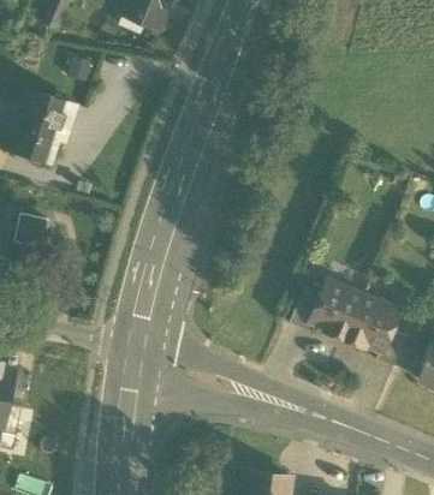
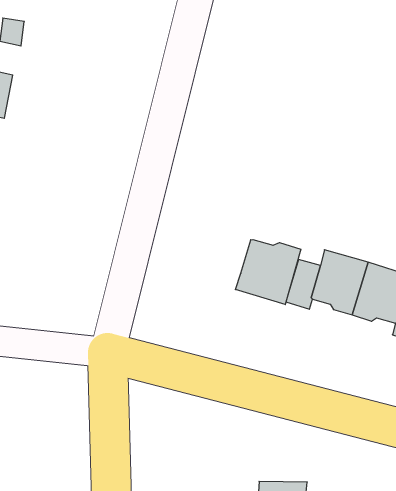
building: none -> [235,240,301,305]

